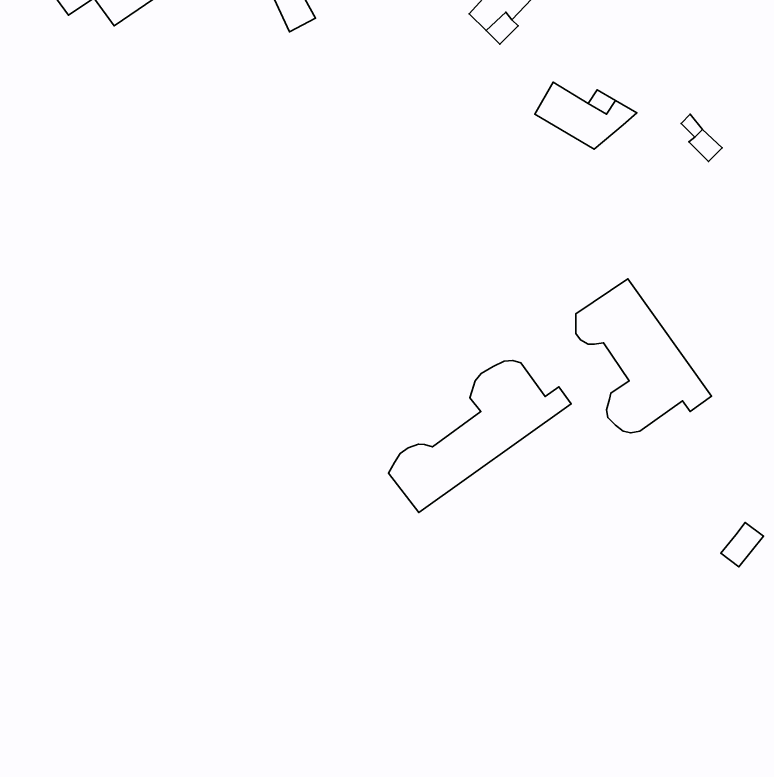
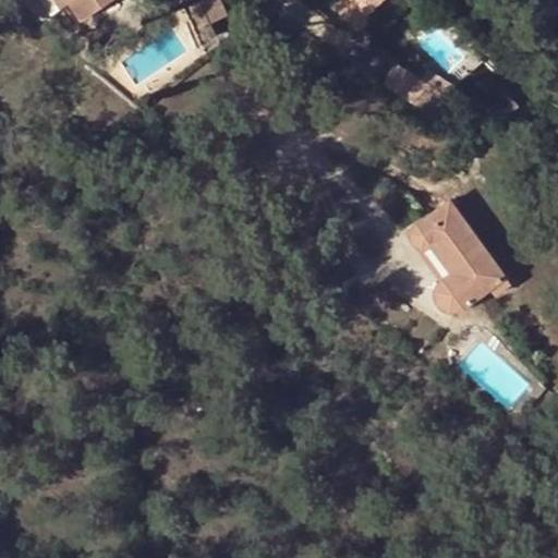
building: [388,360,571,512] -> none

